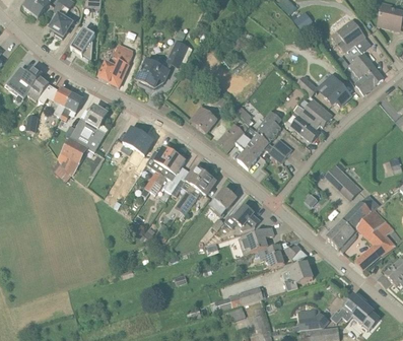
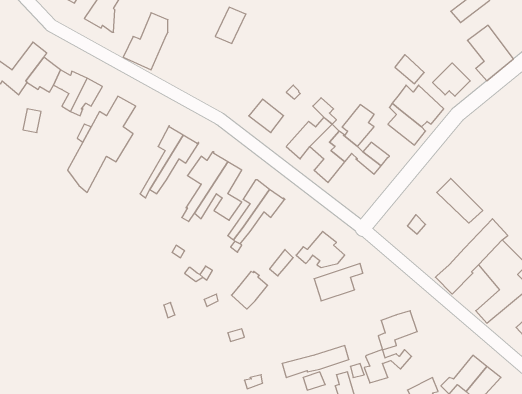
building: [138,61,171,86] -> none
building: [210,187,237,214] -> [231,271,268,309]
building: [266,243,300,267] -> [364,350,412,383]

